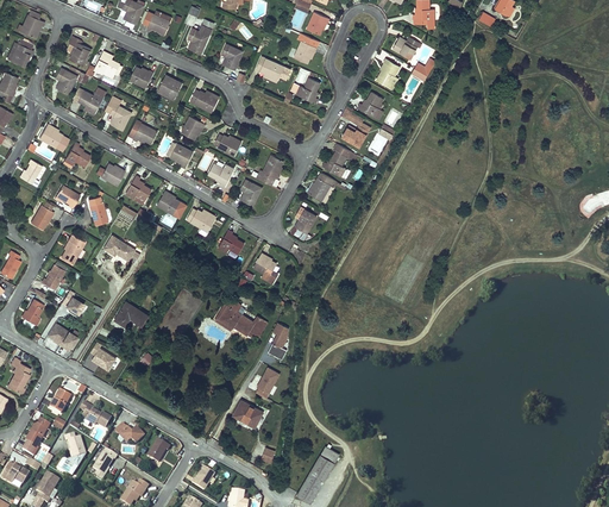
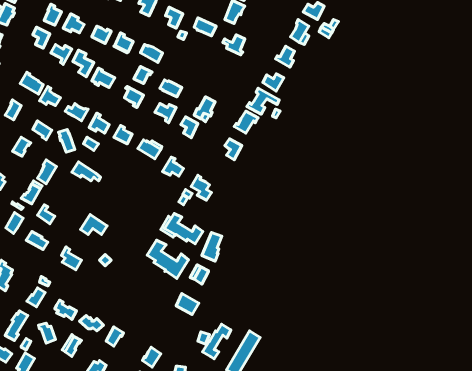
building: none -> [147,240,188,279]
building: none -> [202,324,231,359]

